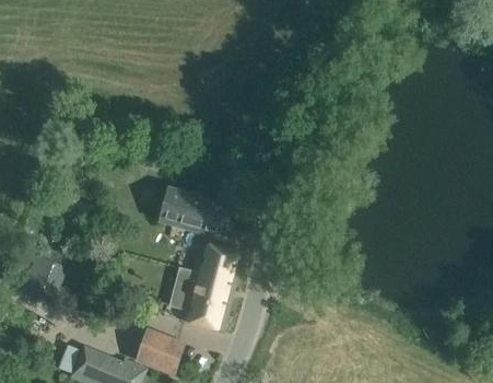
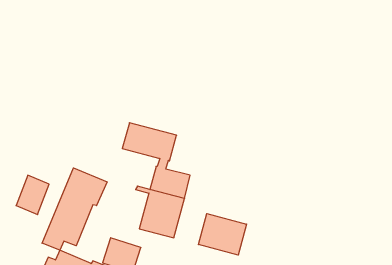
building: none -> [42,168,107,250]
building: none -> [198,214,247,255]

